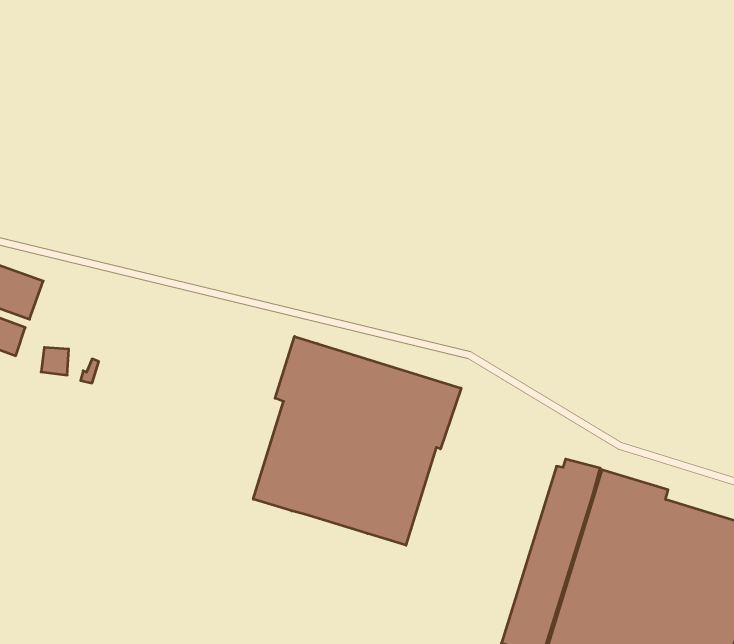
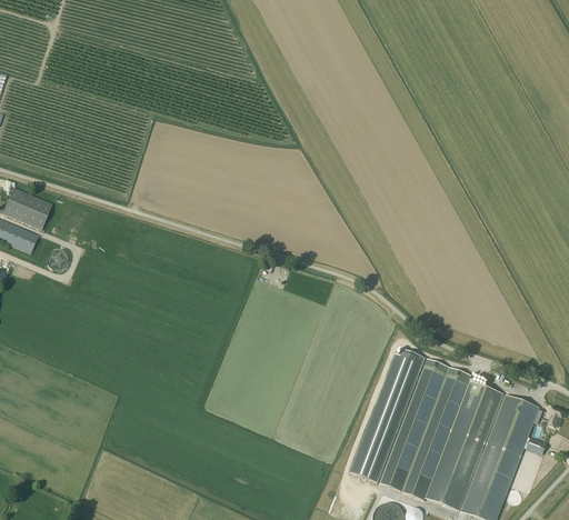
building: [253,336,461,545] -> none

